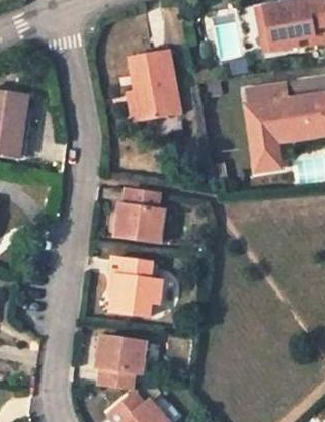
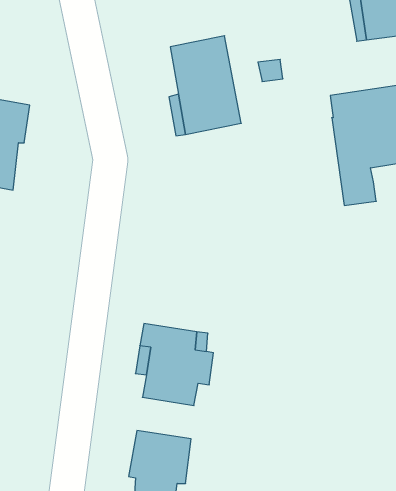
building: [116,190,163,245] -> none

